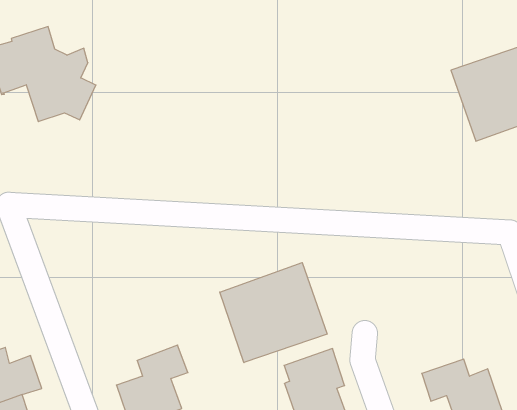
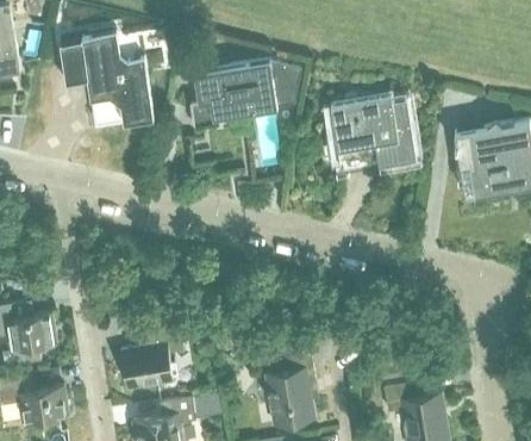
building: none -> [194,62,301,117]
building: none -> [331,98,417,167]
building: [220,263,327,363] -> none

